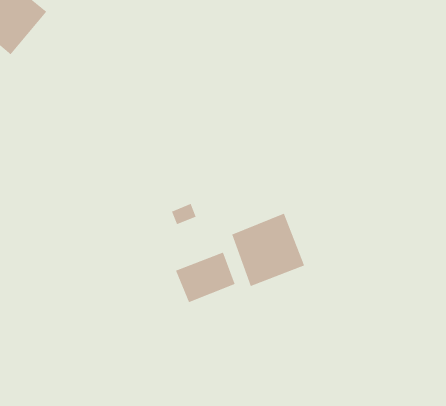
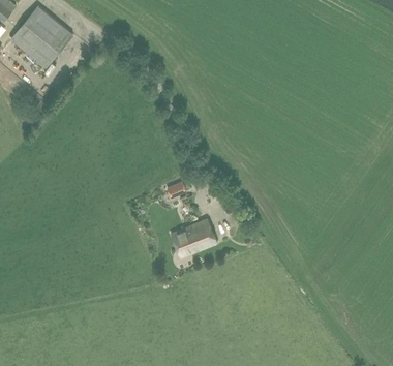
building: [231,213,305,287] -> none

